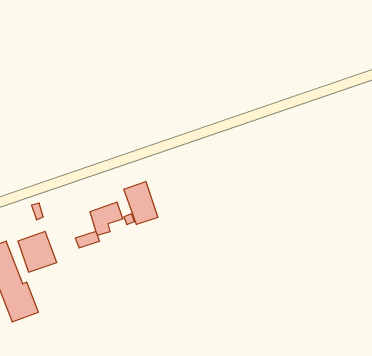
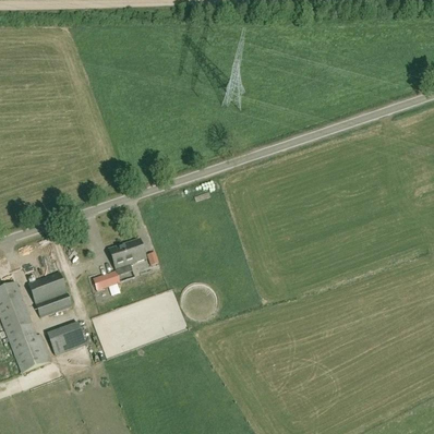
building: [124,181,158,225] -> none
building: none -> [47,321,87,359]

